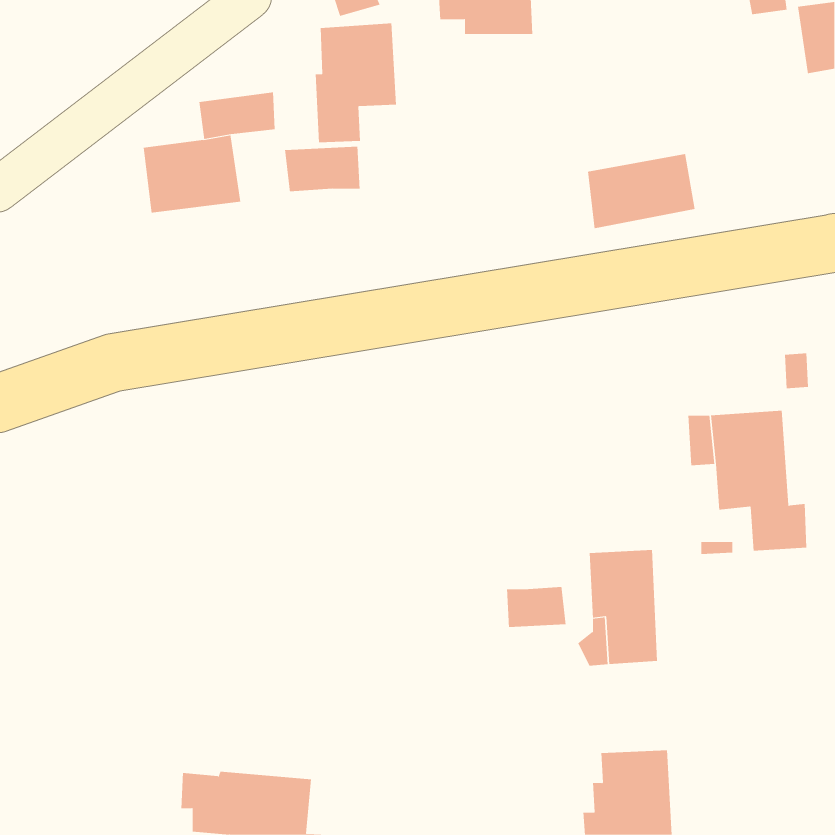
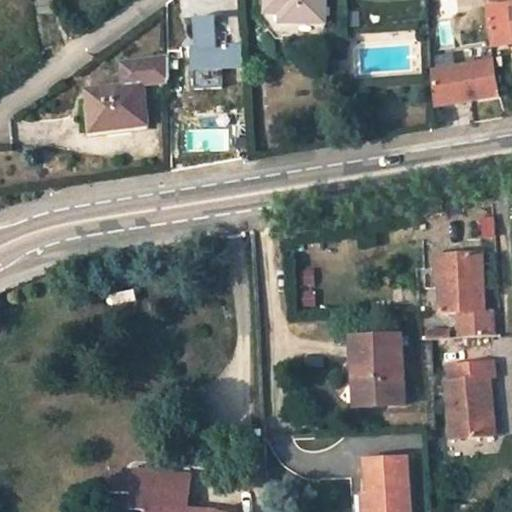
building: [284,146,360,192] -> none
building: [587,153,696,229] -> [433,59,499,105]
building: [507,586,566,628] -> none
building: none -> [446,359,493,436]

